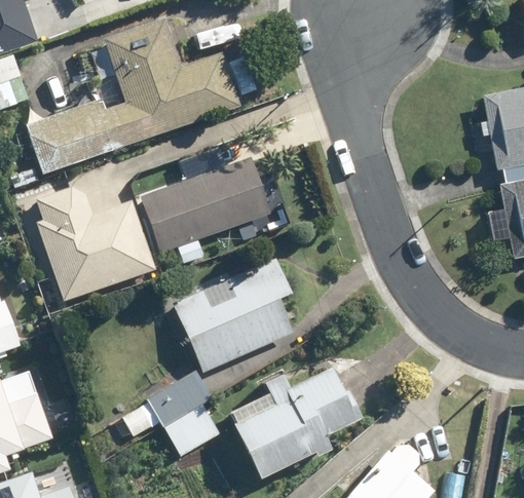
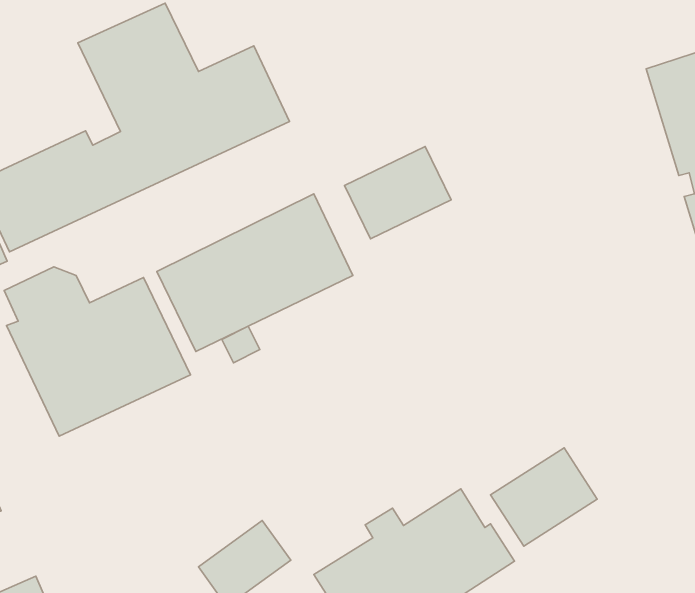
building: none -> [345,147,451,239]
building: [172,258,294,373] -> none
building: none -> [491,448,597,546]

